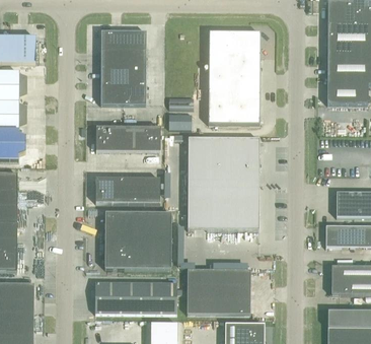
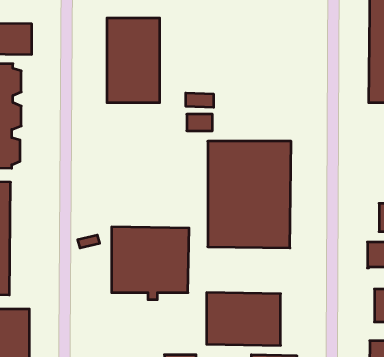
building: [208,30,261,124] -> none
building: [95,126,160,150] -> none
building: [95,177,159,202] -> none
building: [94,274,176,313] -> none

